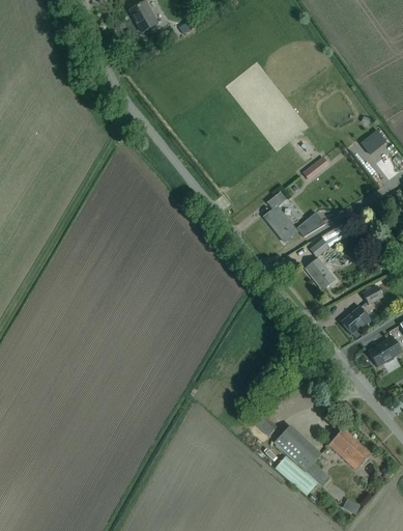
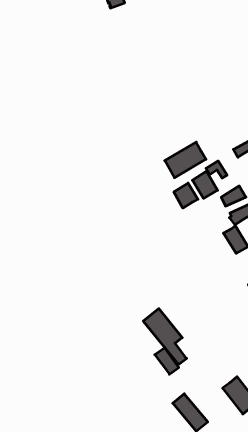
building: none -> [165,142,206,178]
building: none -> [174,183,198,208]
building: [275,425,329,485] -> [143,309,187,365]

